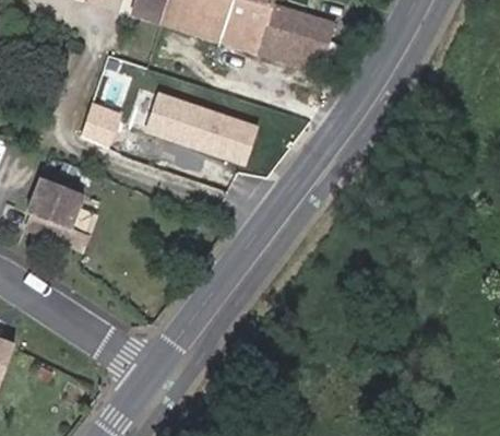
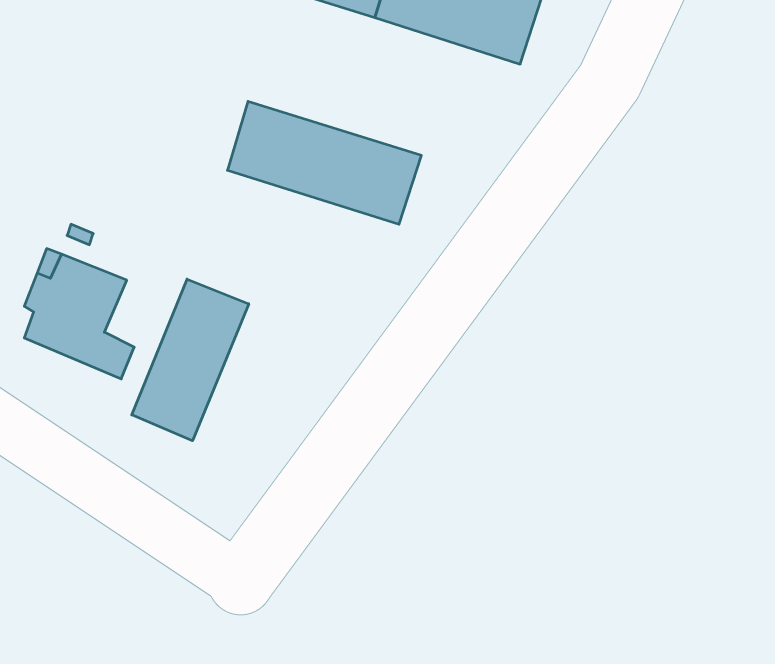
building: [76,102,122,149] -> none
building: none -> [132,279,249,441]

